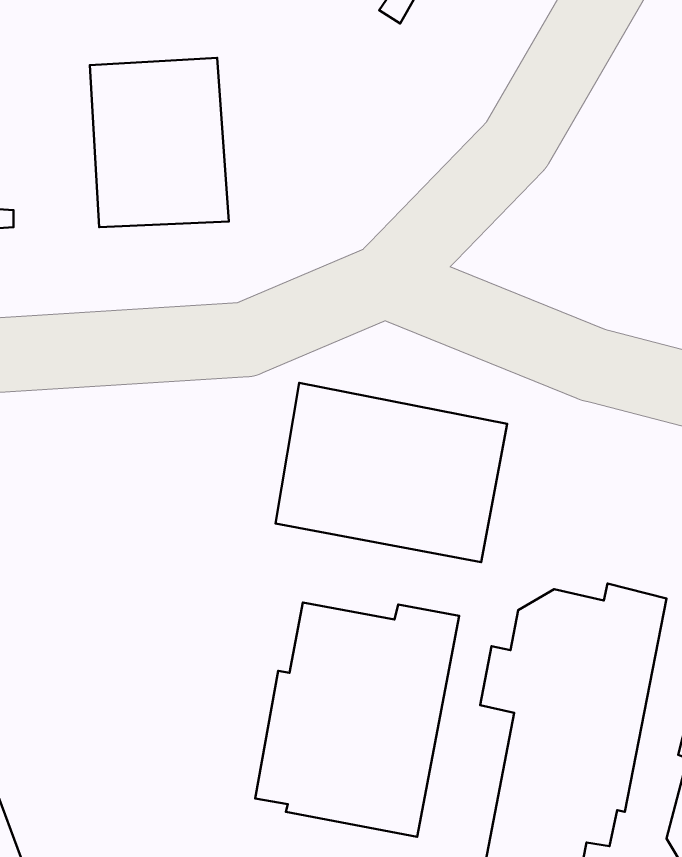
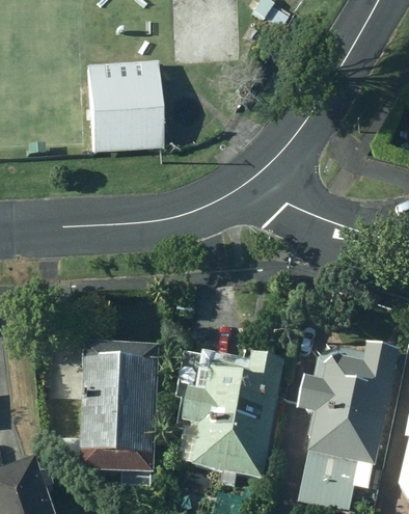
building: [275,383,507,562] -> none
building: none -> [78,343,158,482]

